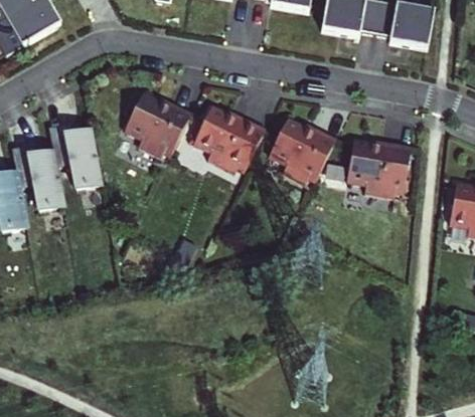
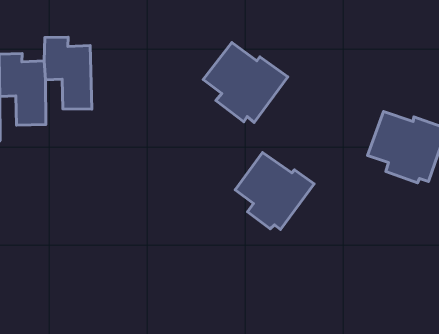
building: [124,93,191,159] -> none
building: [270,117,337,181] -> [235,152,314,229]

